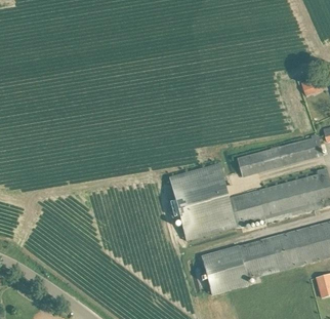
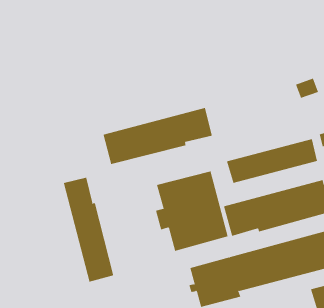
building: none -> [103,107,212,165]
building: none -> [63,177,114,282]

